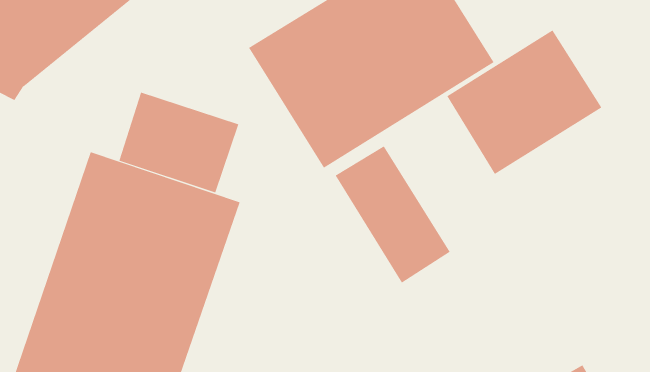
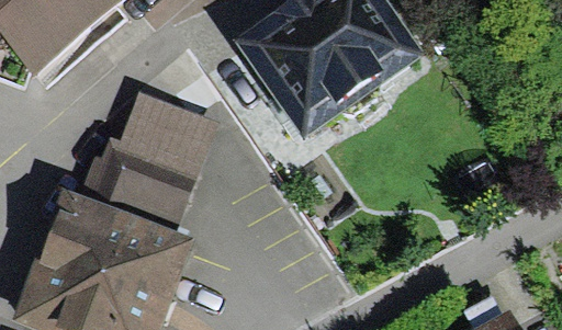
building: [447,29,602,175] -> none
building: [335,145,450,283] -> none

